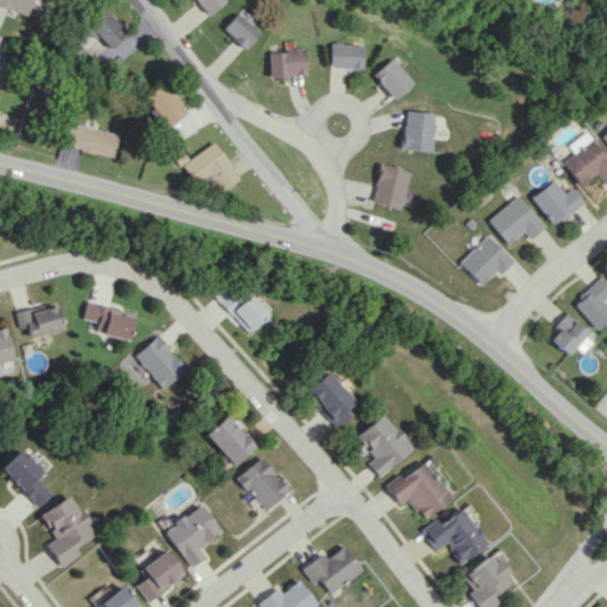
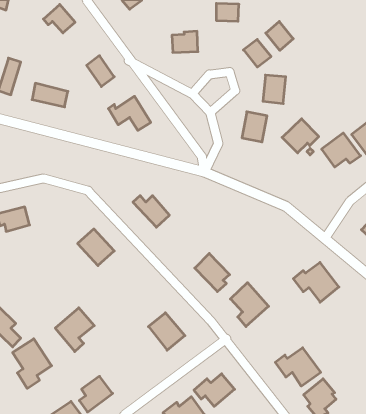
building: [225,13,262,50] -> none
building: none -> [266,21,293,50]
building: [333,44,366,70] -> [216,3,239,21]
building: [461,235,515,285] -> [282,119,319,153]
building: [83,304,135,340] -> none
building: [205,415,255,466] -> none
building: [385,462,452,520] -> [293,262,339,302]
building: [165,504,222,568] -> [55,308,94,352]

